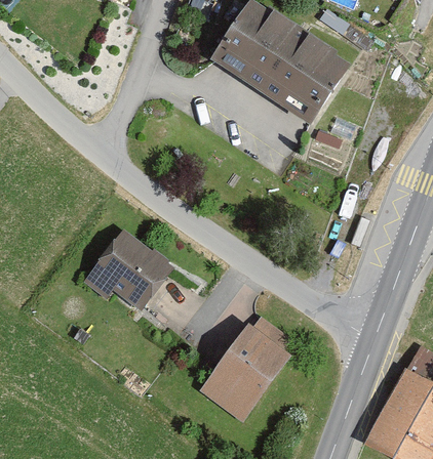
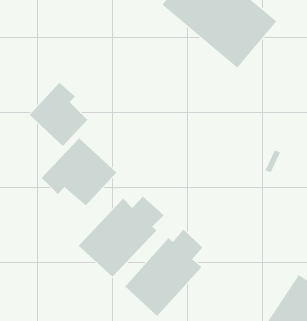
building: none -> [29,82,88,147]
building: none -> [78,196,164,277]

